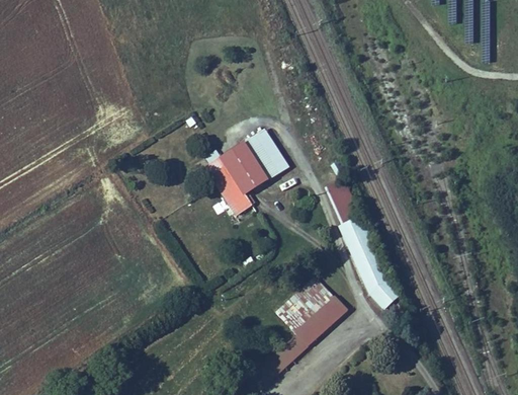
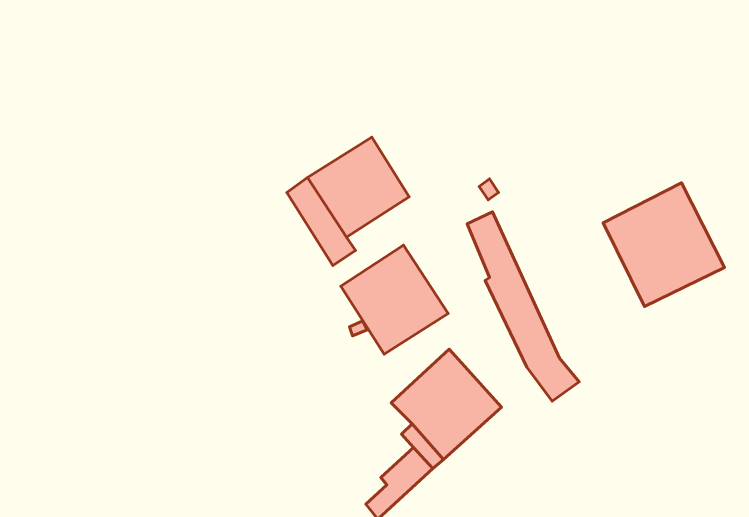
building: none -> [603,183,725,307]
building: none -> [341,245,448,354]

